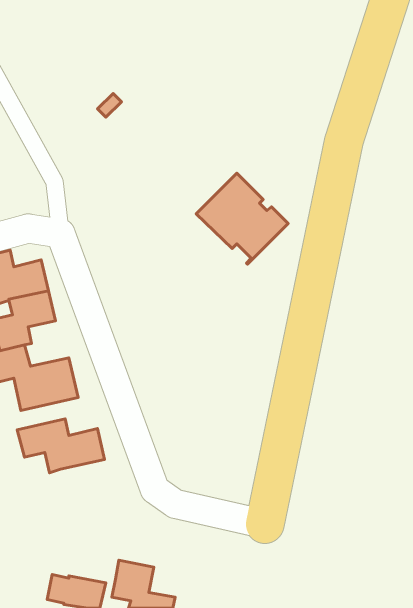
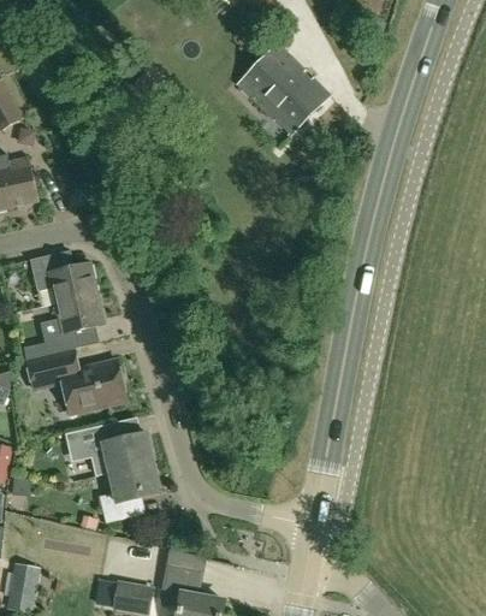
building: [196,173,288,264] -> [237,42,330,134]
building: none -> [99,462,160,522]

